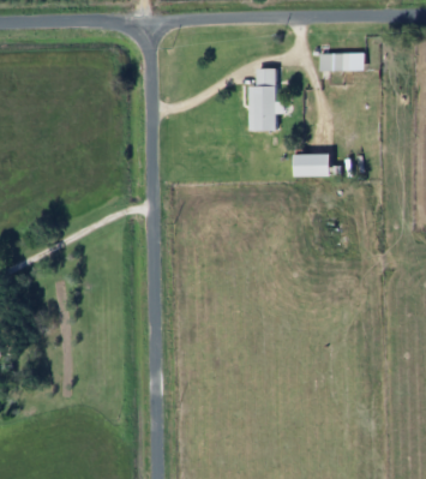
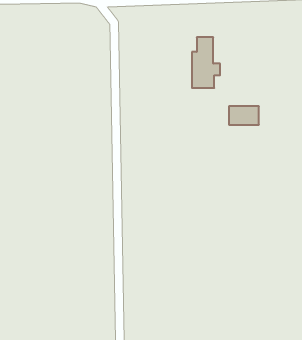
building: [319,53,364,71] -> none

